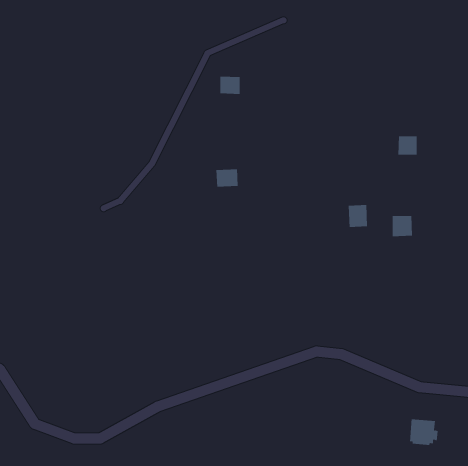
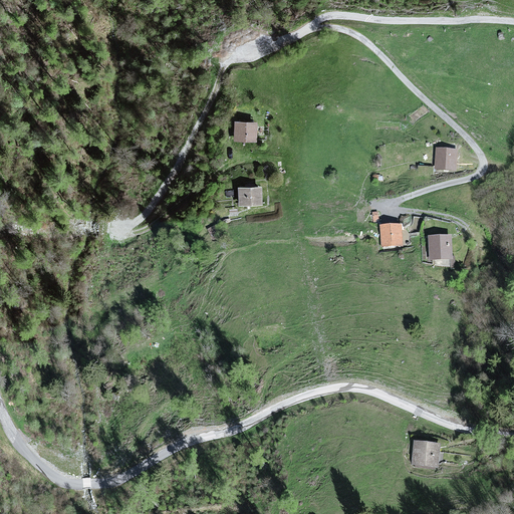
building: [219,76,241,94] -> [233,119,256,140]
building: [409,419,438,446] -> [411,437,443,466]

